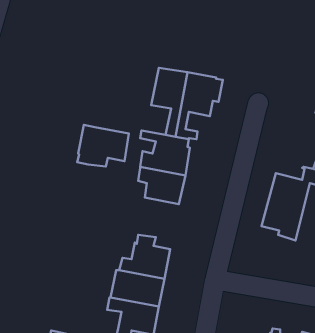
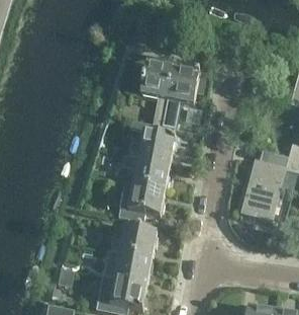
building: [77,125,129,167] -> [118,180,166,219]

